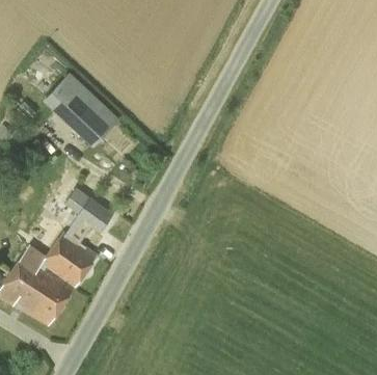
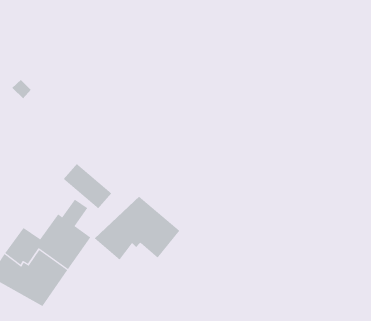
building: [42,72,117,148] -> none
building: none -> [94,196,180,260]

